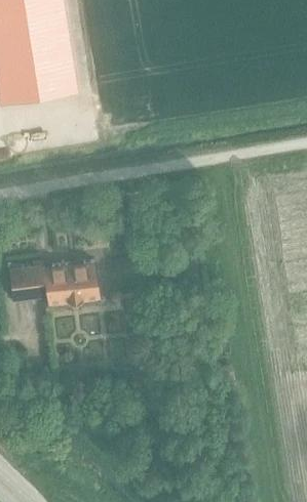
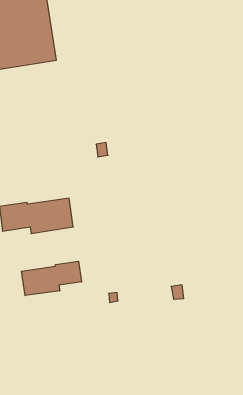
building: none -> [21,261,82,296]

